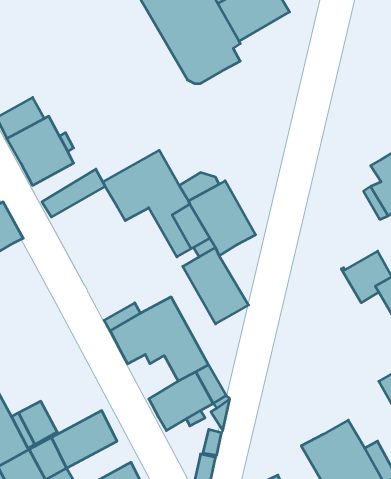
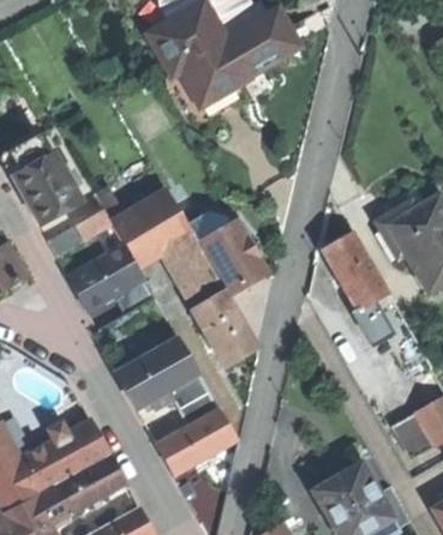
building: none -> [322,230,390,311]
building: none -> [68,246,142,308]
building: none -> [46,421,107,476]

